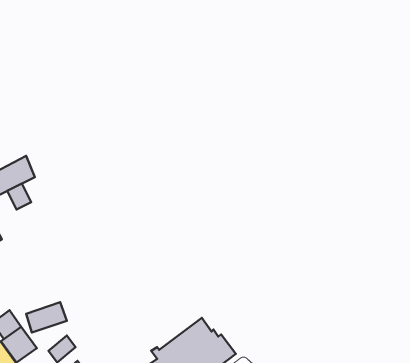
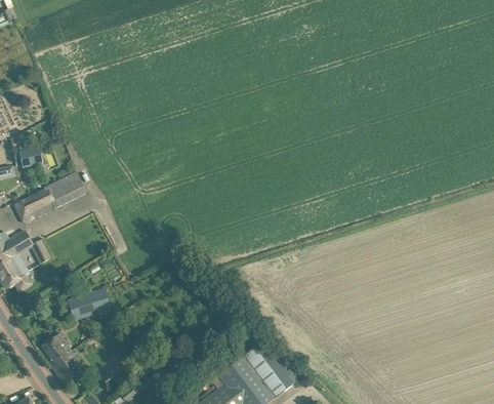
building: [7,184,31,209] -> none
building: [26,302,67,332] -> [67,288,110,320]

